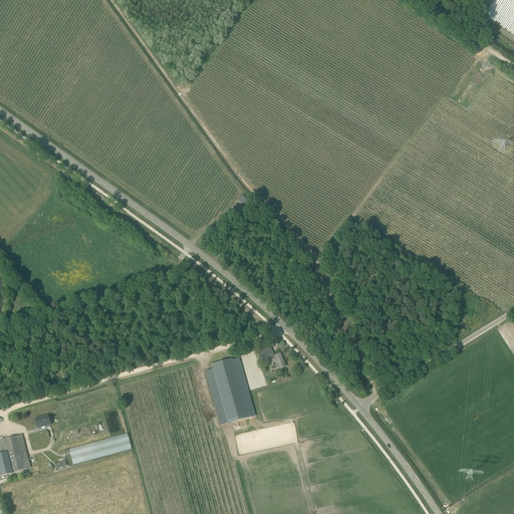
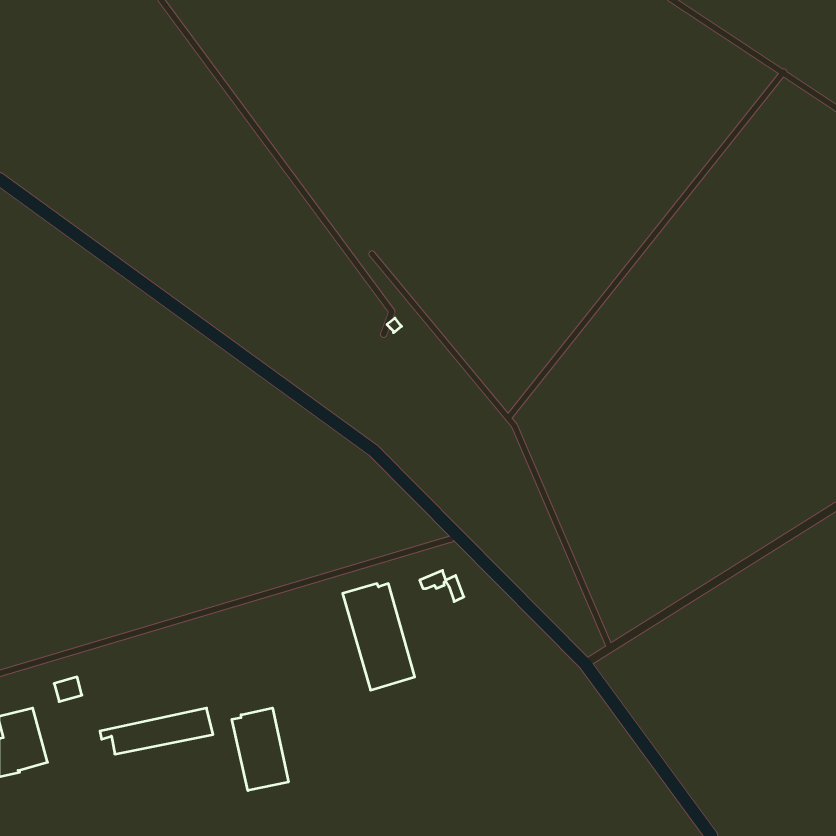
building: none -> [232,708,288,791]

